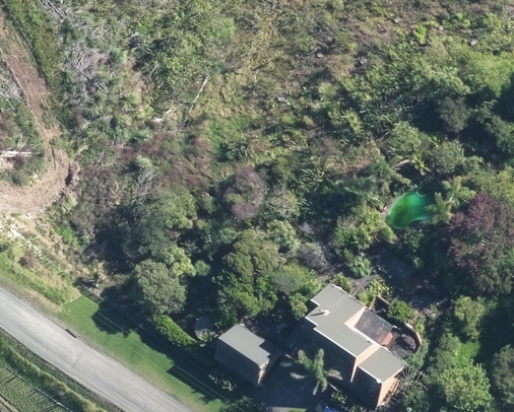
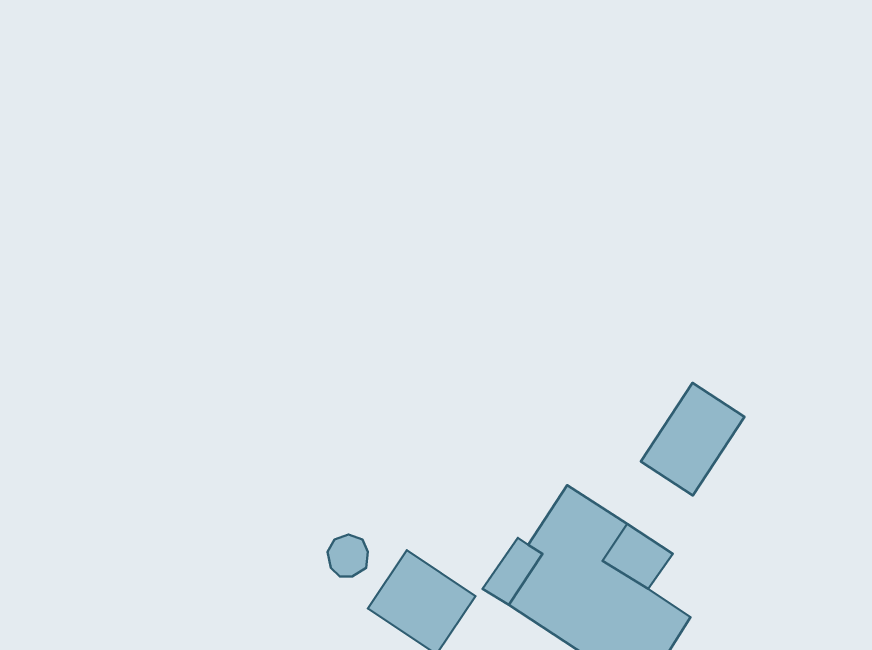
building: none -> [641,383,745,496]

